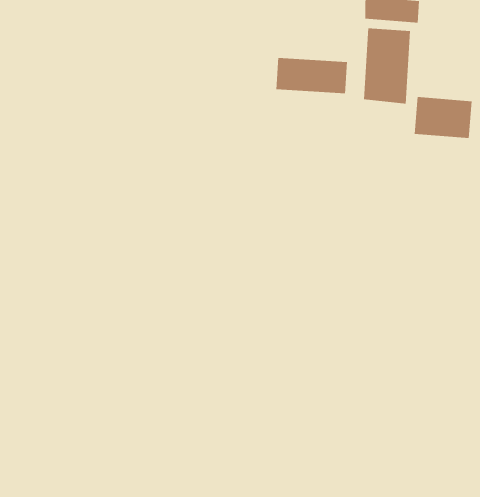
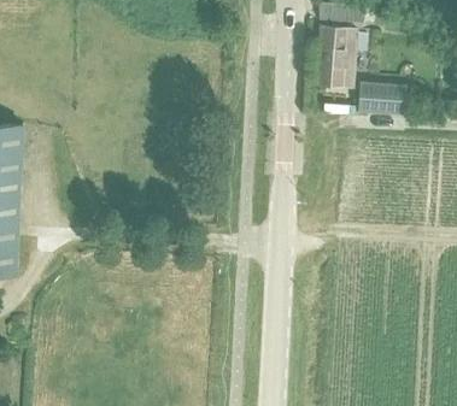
building: [276,57,347,94] -> none

